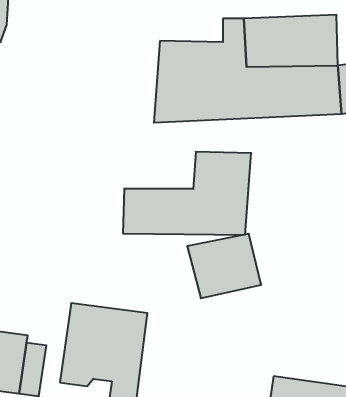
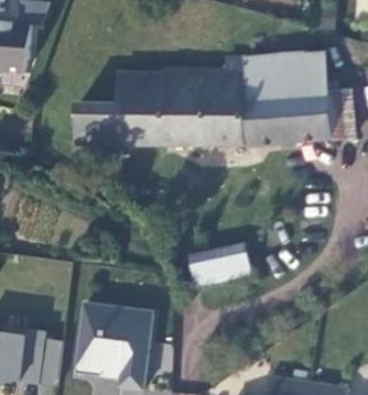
building: [123,152,251,235] -> [50,72,164,145]

